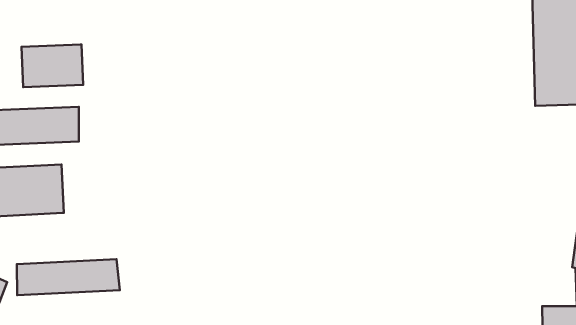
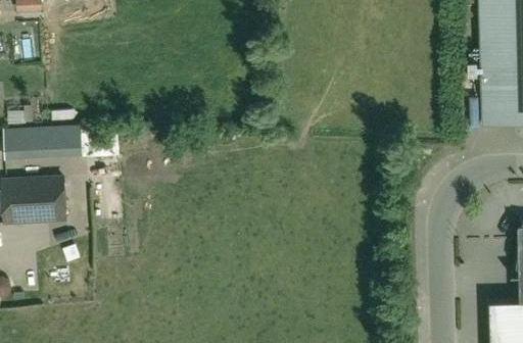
building: [22,44,83,87] -> none
building: [17,259,120,295] -> none

